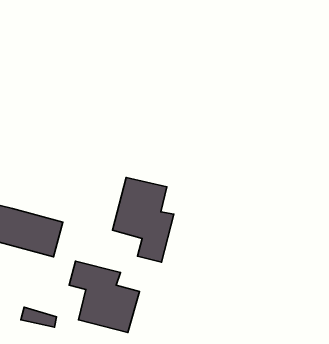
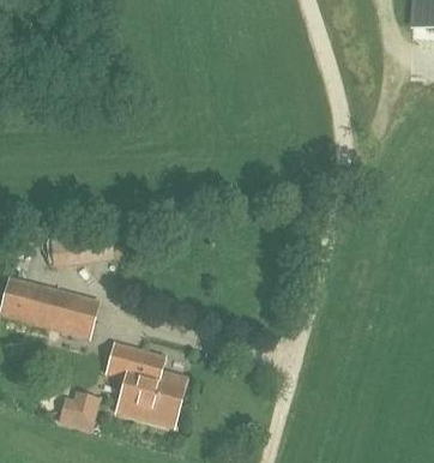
building: [113,178,174,262] -> none

